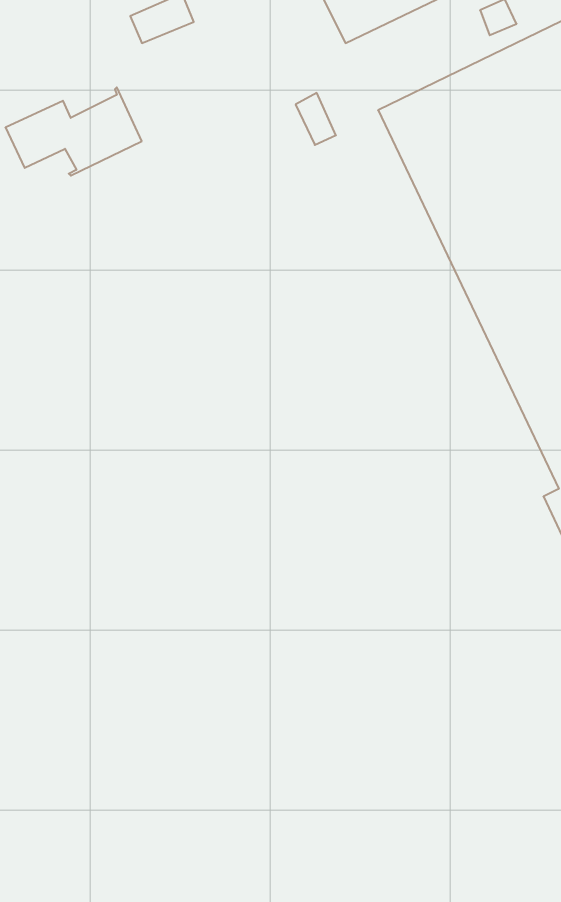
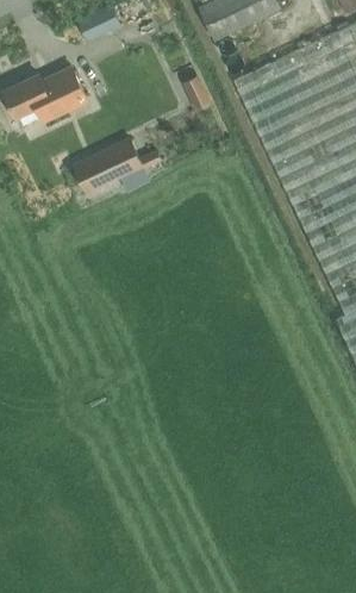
building: none -> [74,138,143,193]

